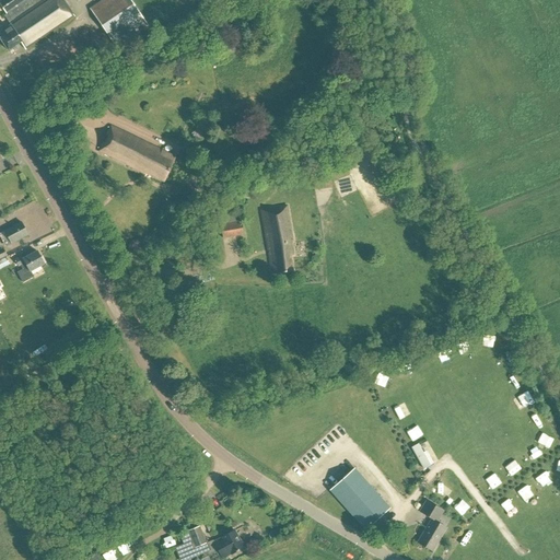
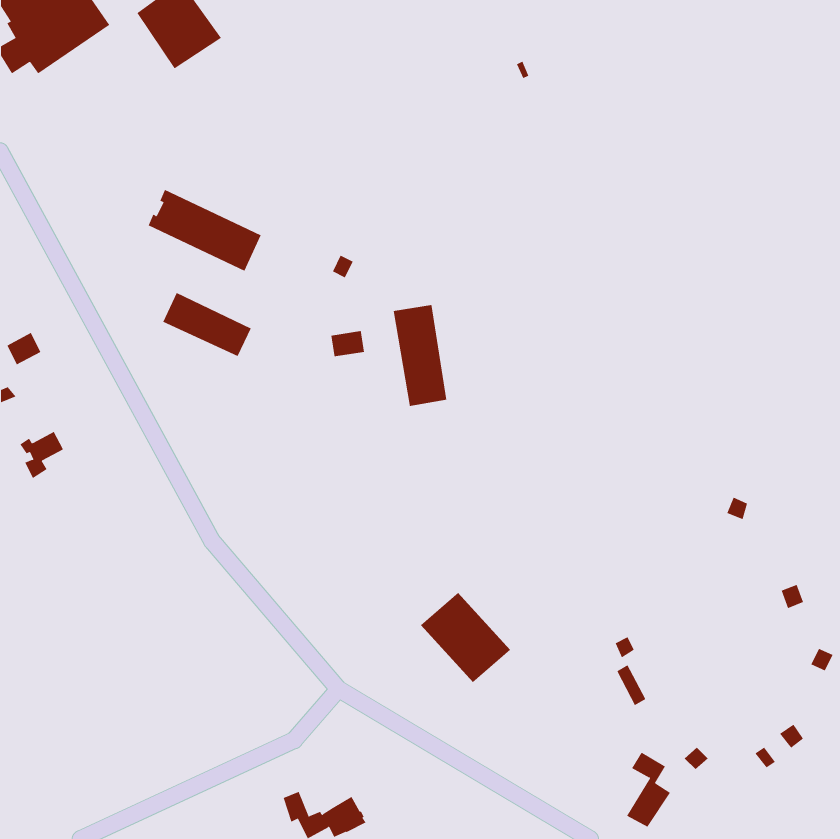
building: none -> [162,292,252,357]
building: [14,250,44,282] -> [20,431,64,479]
building: [329,468,389,528] -> [420,592,511,683]

